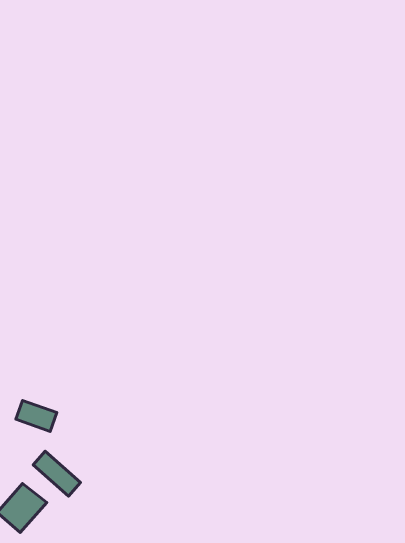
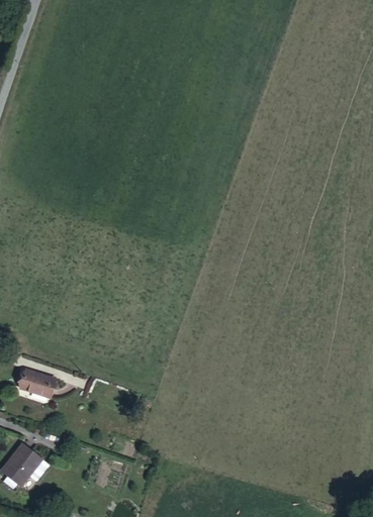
building: [33,451,80,496] -> none

